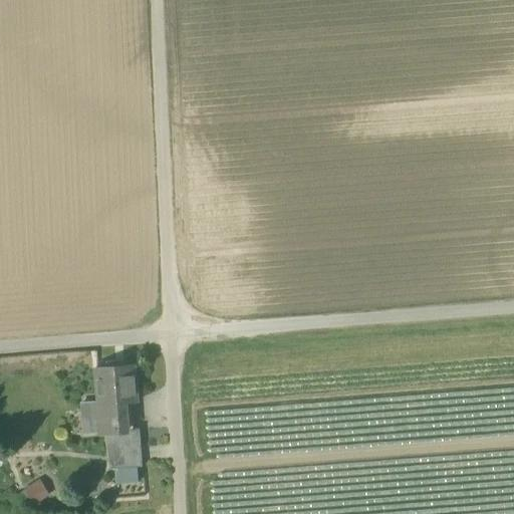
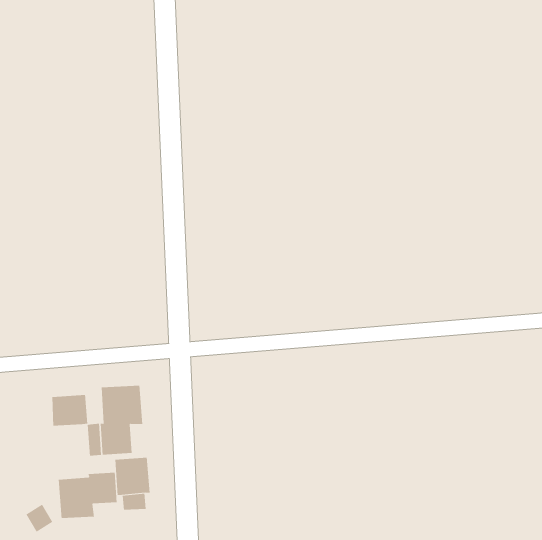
building: none -> [52,394,88,427]
building: none -> [58,472,117,519]

